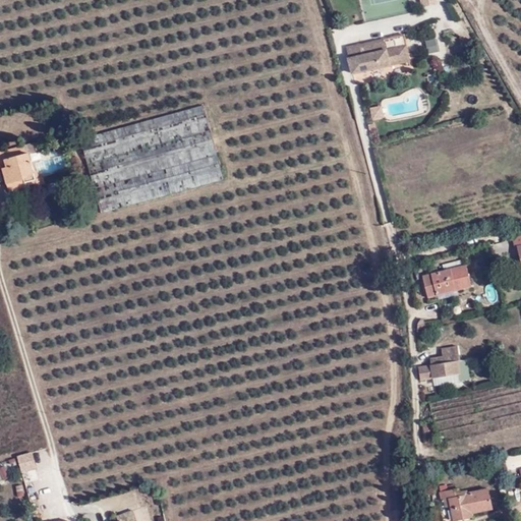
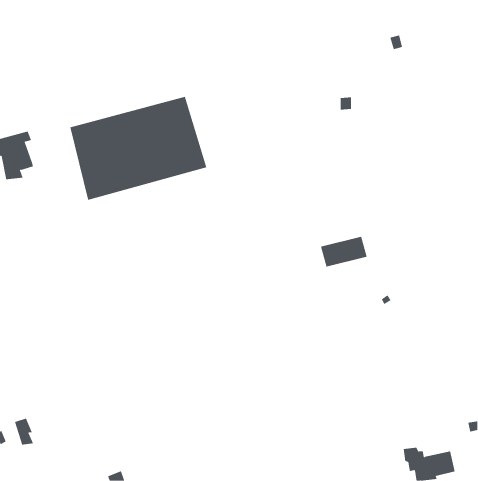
building: [346,33,414,86] -> none
building: [420,264,471,297] -> [320,236,367,267]
building: [417,344,468,384] -> none

